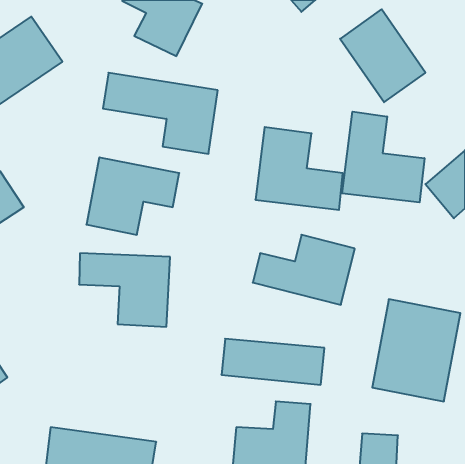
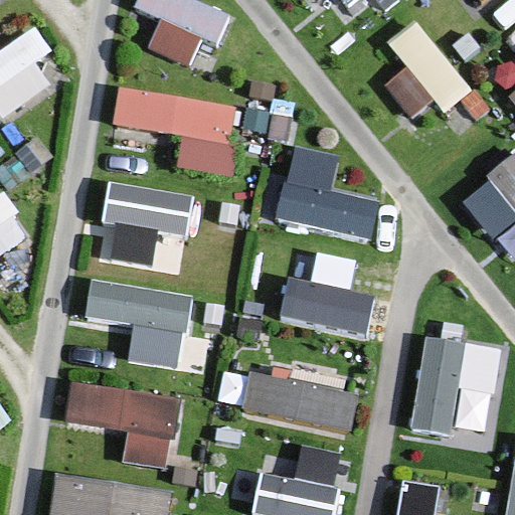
building: [342,112,424,202] -> none
building: none -> [63,379,179,467]

